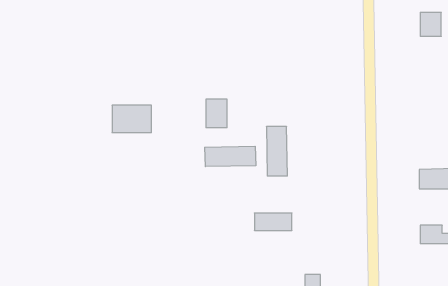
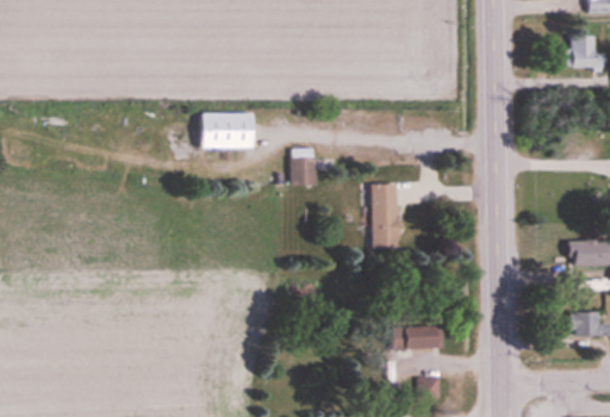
building: [112,105,151,133] -> [198,113,249,149]
building: [205,146,256,167] -> none
building: [254,213,292,230] -> [392,328,441,350]

